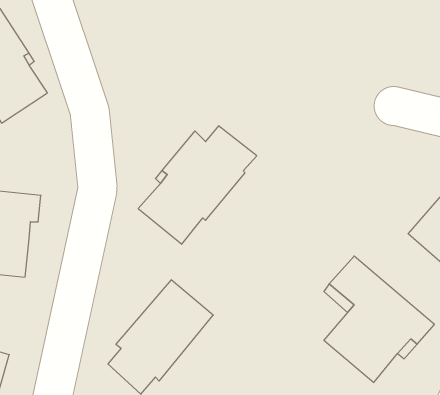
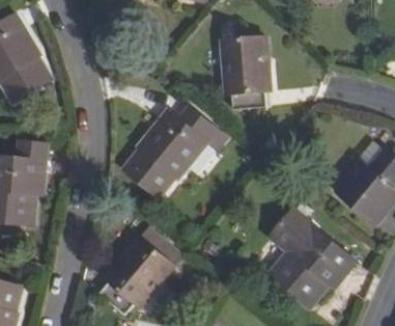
building: none -> [221,23,272,108]

